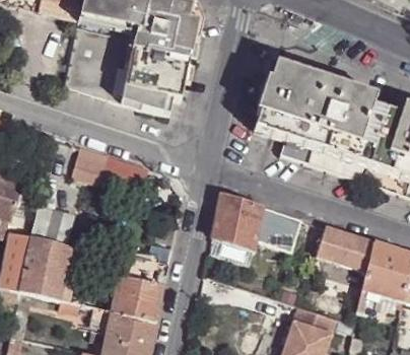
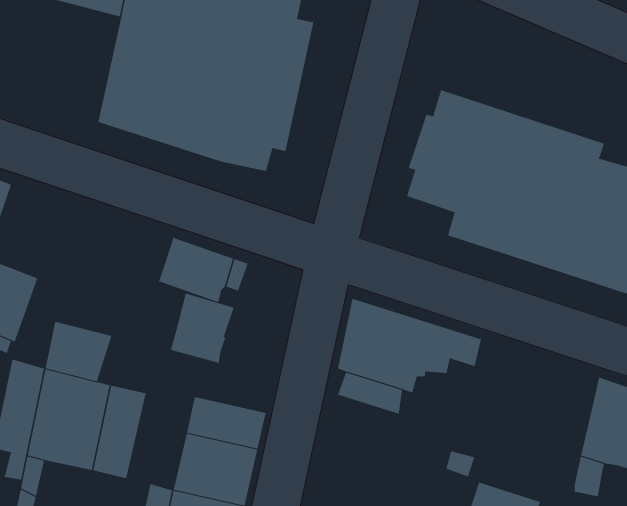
building: [70,145,110,189] -> [170,293,234,363]
building: [319,225,373,272] -> none

